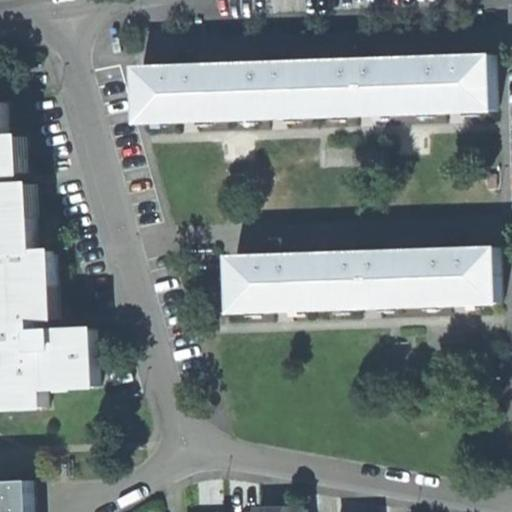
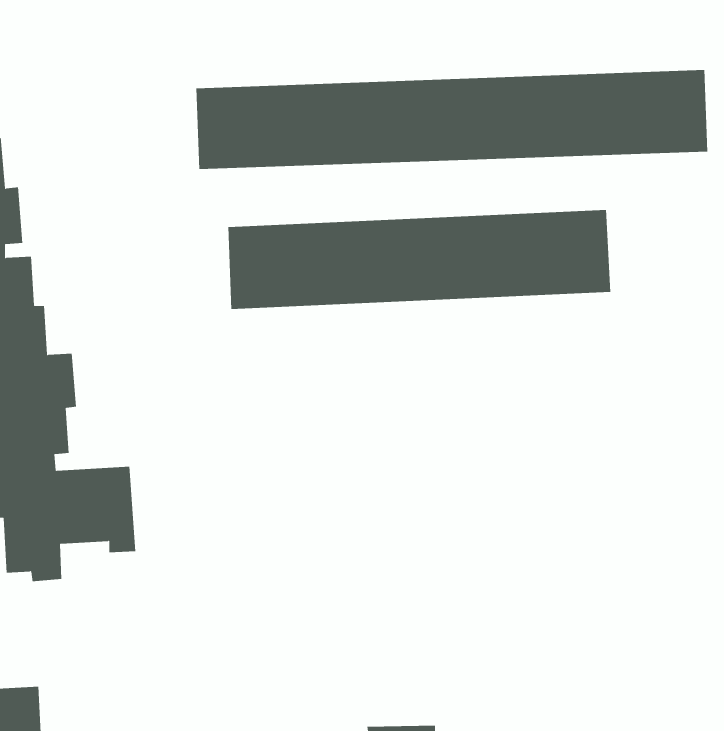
building: [227,245,492,314] -> [227,210,611,309]

